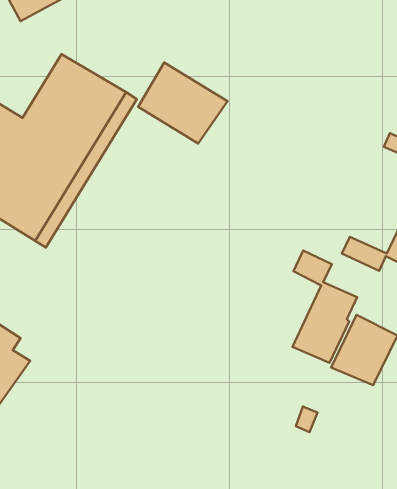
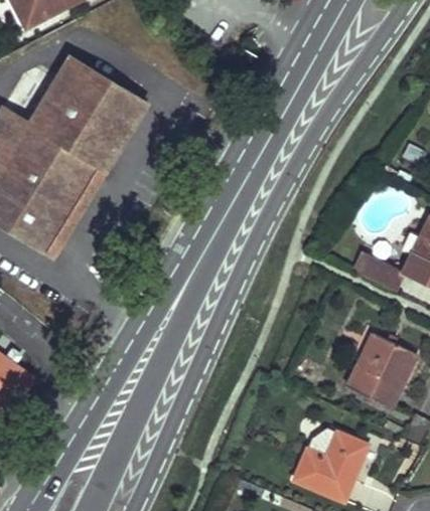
building: [138,63,228,143] -> none
building: [293,251,357,363] -> none
building: none -> [294,430,367,498]

